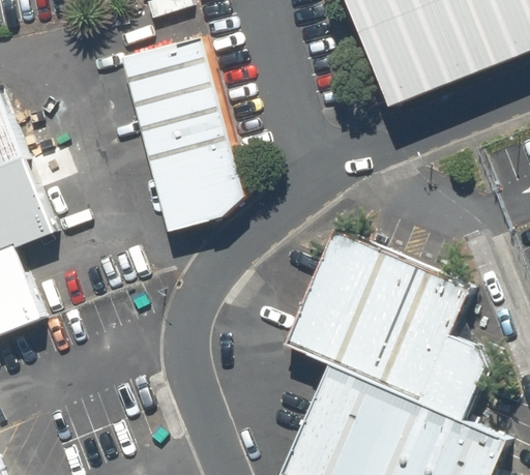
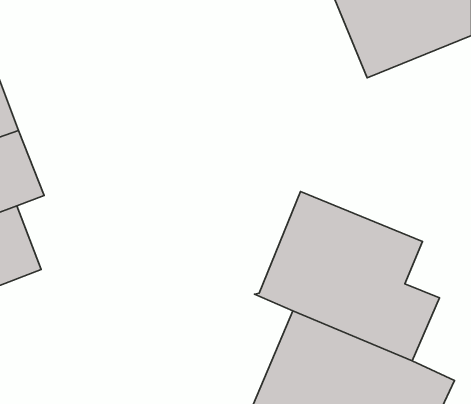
building: [124,35,247,233] -> none

